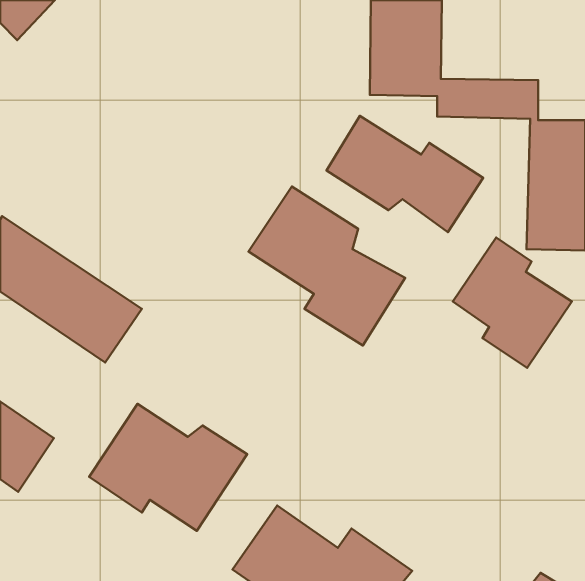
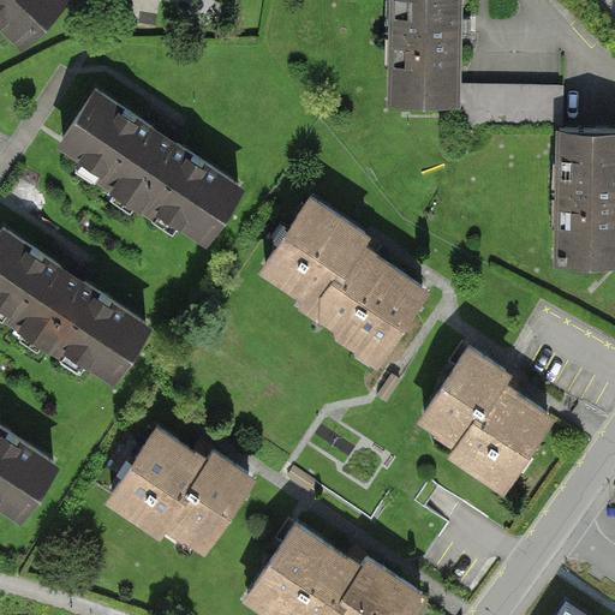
building: none -> [56,86,240,240]
building: [327,116,483,232] -> none
building: [453,238,572,368] -> [424,347,549,484]

